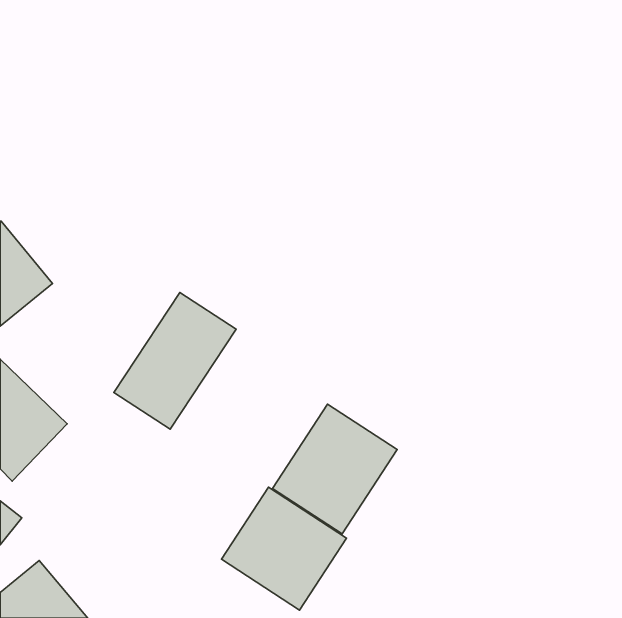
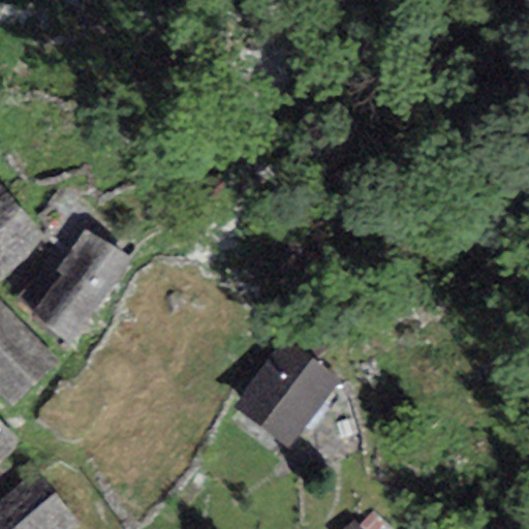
building: [114,292,236,429] -> [27,226,130,342]
building: [221,487,347,610] -> none

